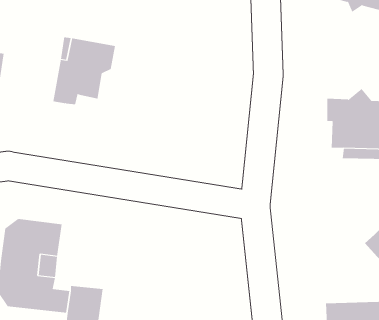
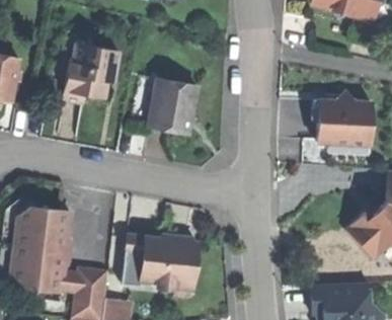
building: none -> [148,77,199,134]
building: none -> [126,234,198,289]

